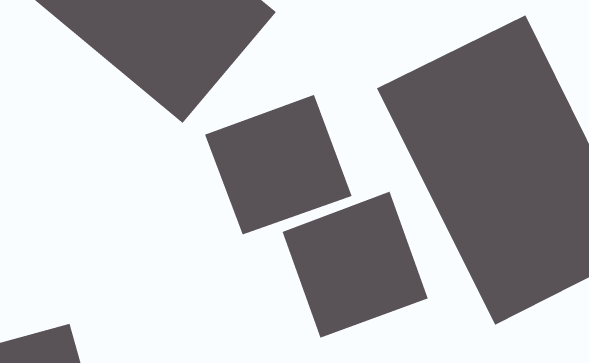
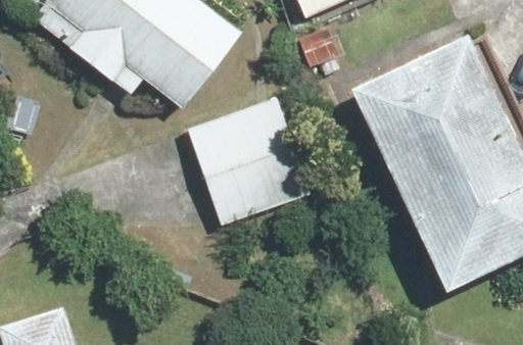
building: [282,191,429,339] -> none

